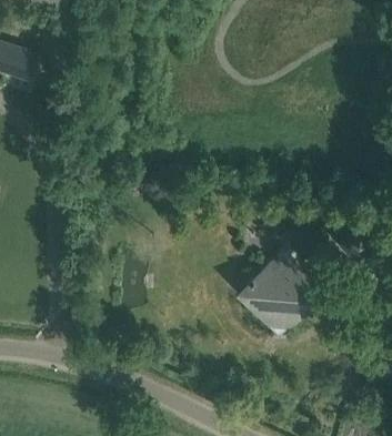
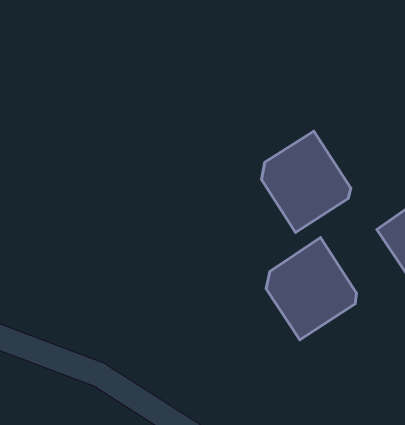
building: none -> [262,131,351,233]

